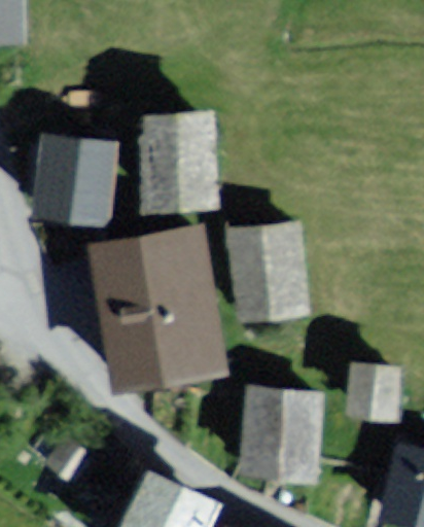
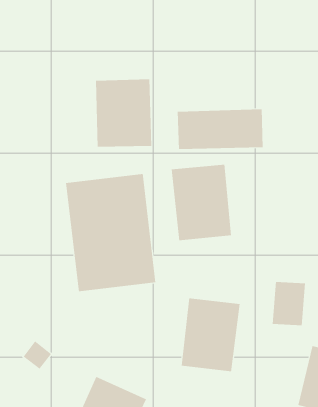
building: [37,138,121,232] -> none
building: none -> [177,108,263,150]

